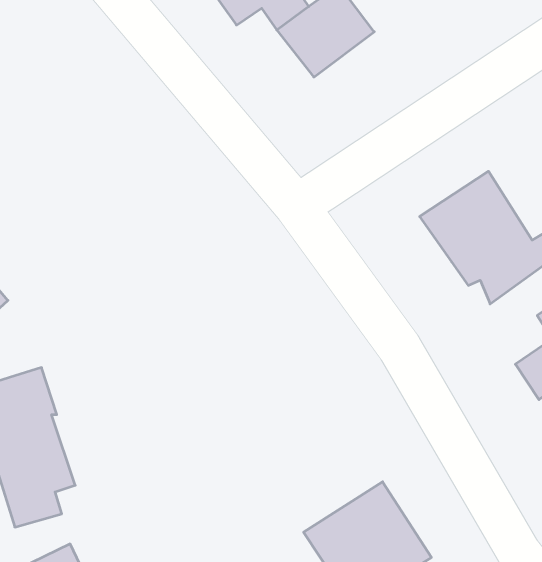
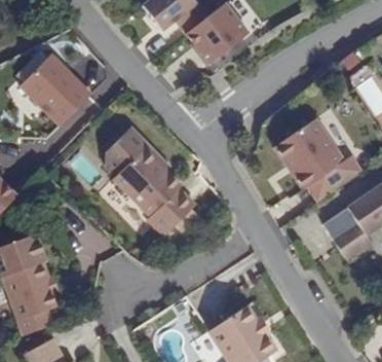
building: none -> [24,52,96,124]
building: none -> [98,140,195,241]

